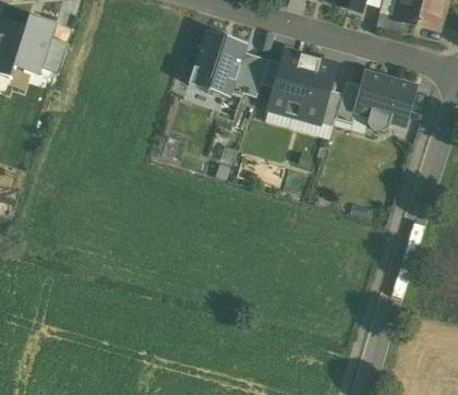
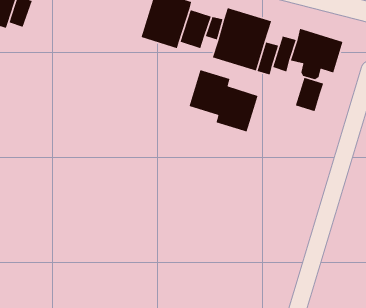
building: none -> [189,69,258,133]
building: none -> [295,77,324,112]

